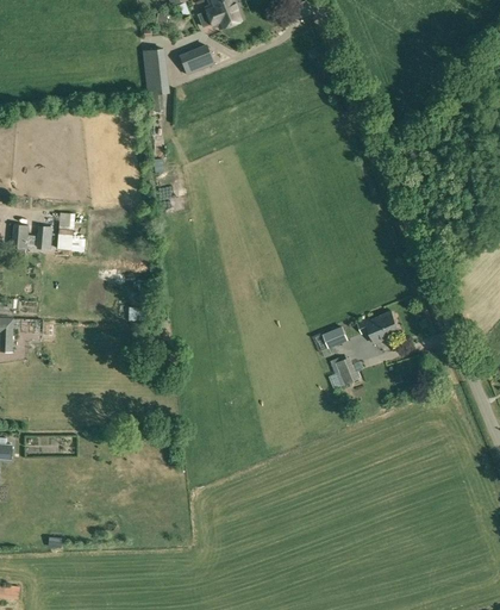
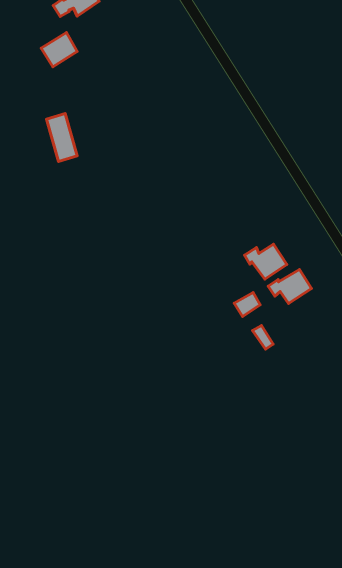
building: [143,49,167,94] -> [46,114,77,161]
building: none -> [244,244,287,279]

